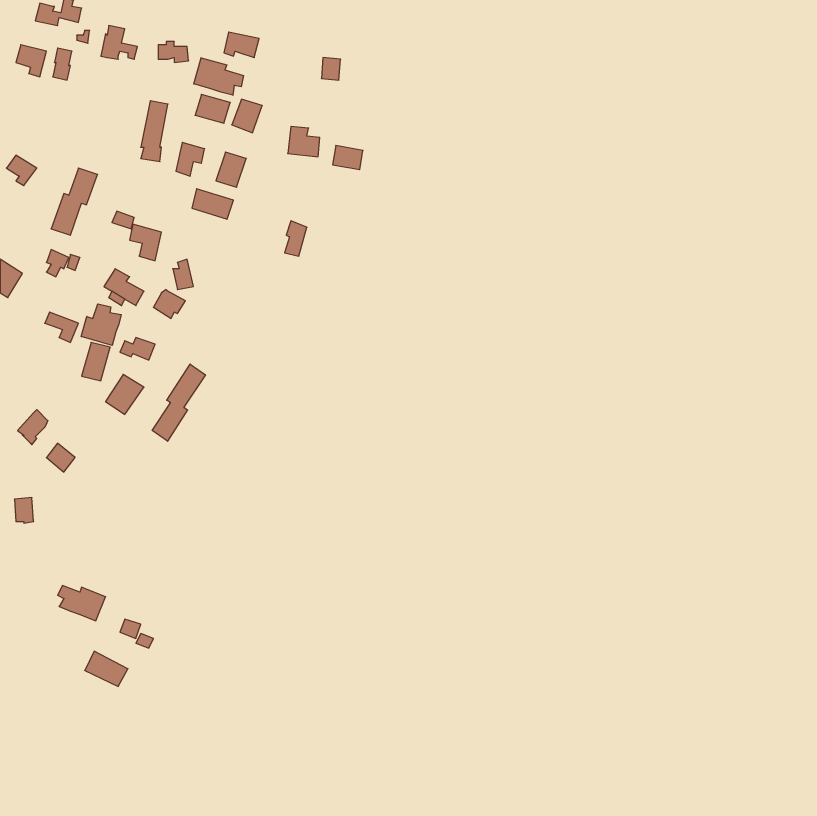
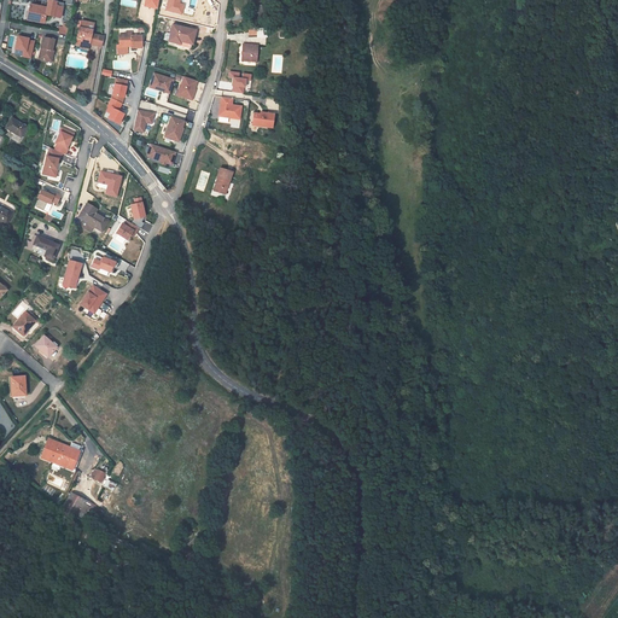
building: [194,58,243,95] -> none
building: [81,304,121,345] -> none
building: [152,364,205,441] -> none

